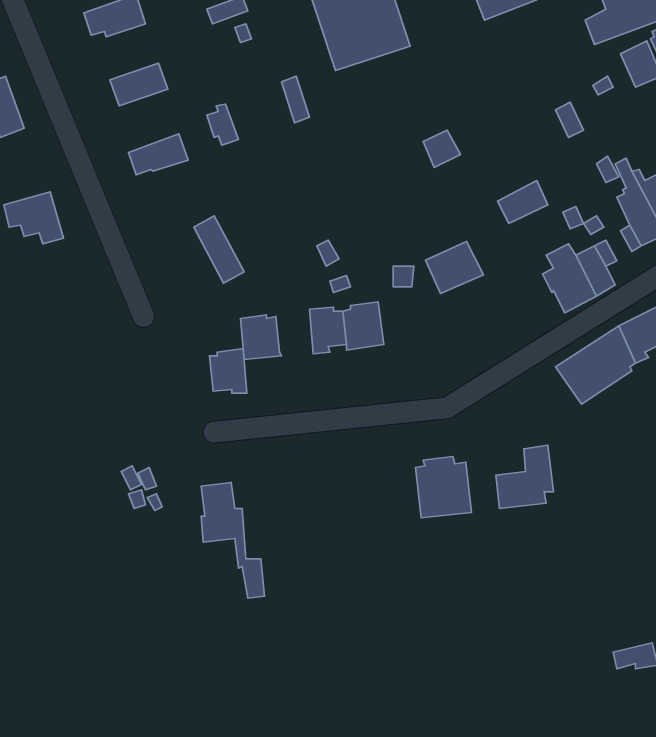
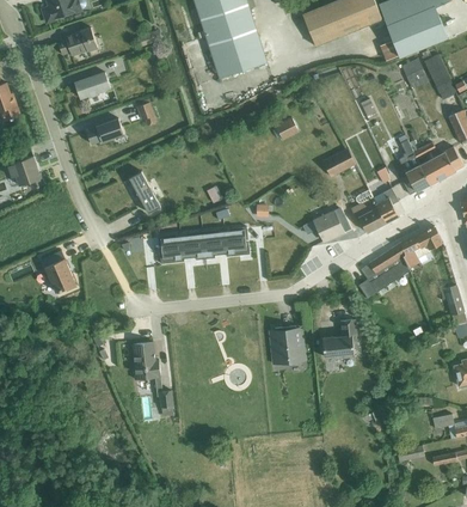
building: [426,241,483,294] -> [314,207,351,240]
building: none -> [41,251,76,292]
building: [210,348,247,393] -> [180,231,204,259]

